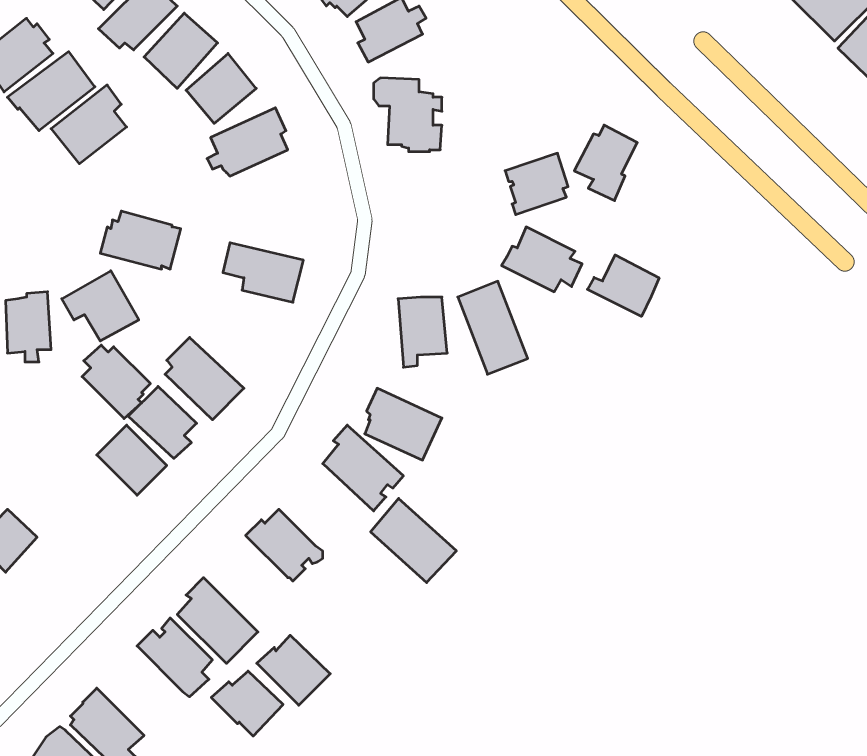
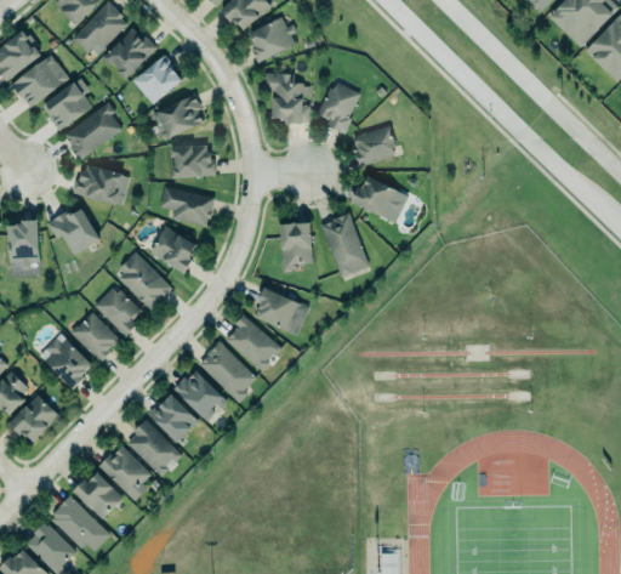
building: none -> [62,101,120,159]
building: [574,125,637,201] -> [317,81,360,133]
building: none -> [169,143,218,180]
building: [587,255,659,316] -> none
building: none -> [149,227,196,271]
building: [82,345,150,419] -> [44,337,91,388]
building: [371,498,456,583] -> [198,341,257,399]
building: none -> [8,394,59,442]
building: [257,635,330,705] -> [148,394,199,443]
building: [211,671,283,736] -> [73,473,123,518]

